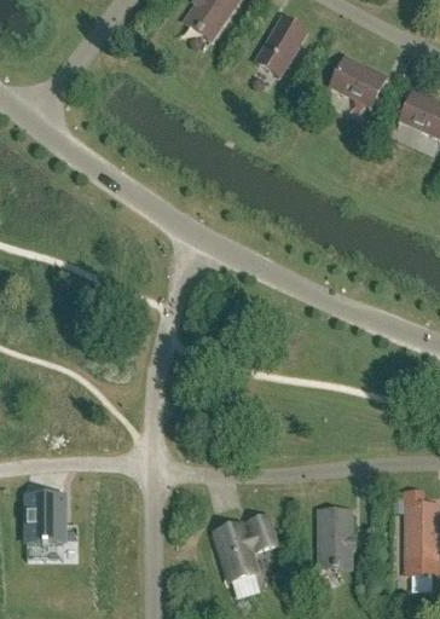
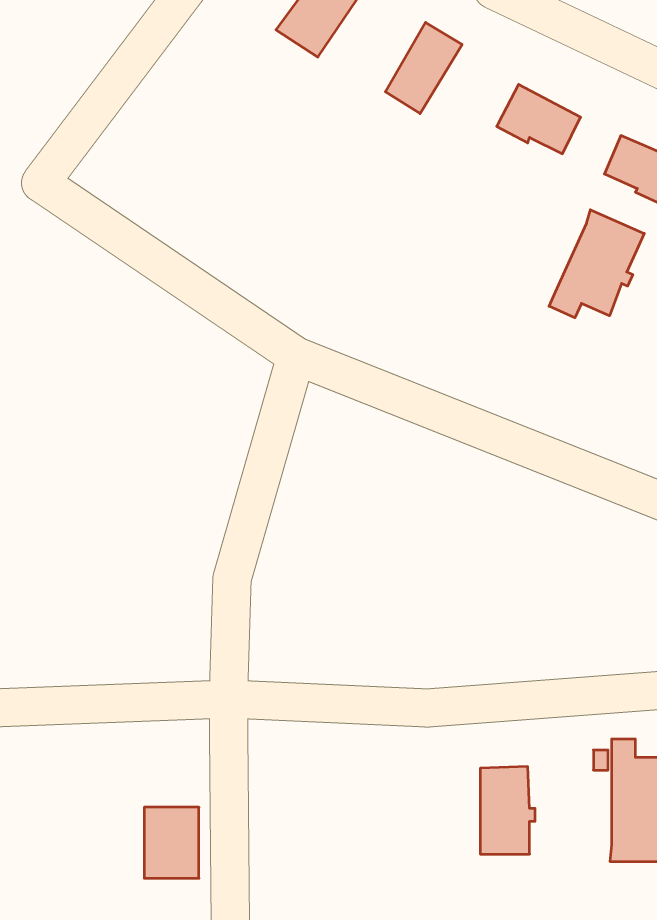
building: none -> [549,210,644,318]
building: [27,496,63,543] -> [144,807,199,878]
building: [215,516,276,580] -> none

